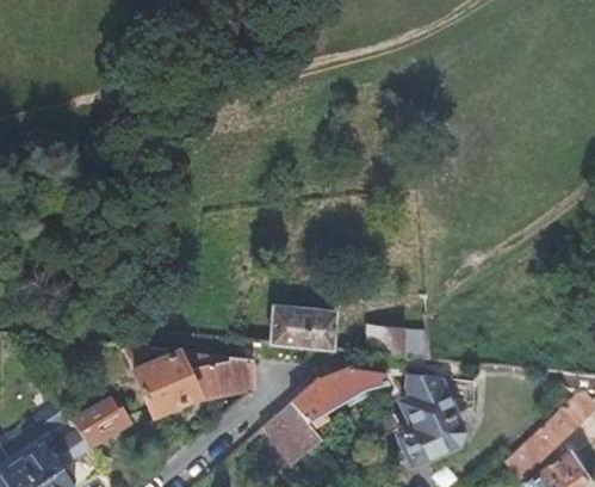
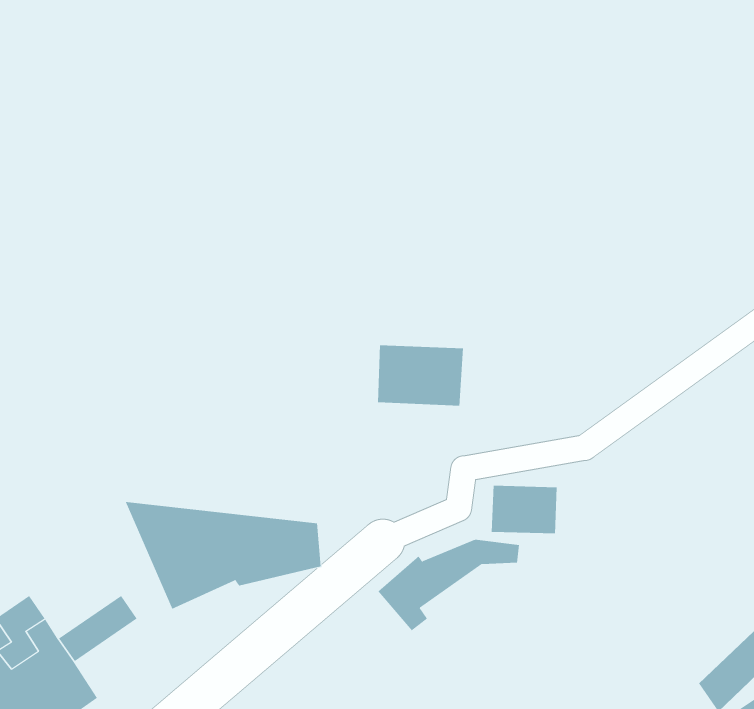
building: [268,304,326,345] -> [377,345,464,406]
building: [407,375,464,462] -> none
building: [261,403,321,462] -> none

